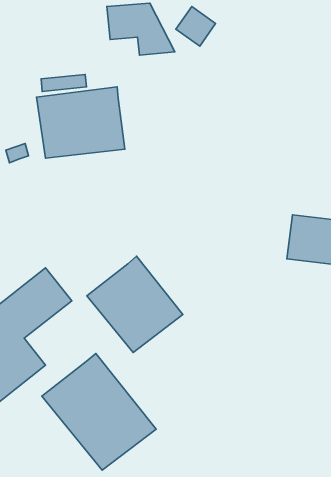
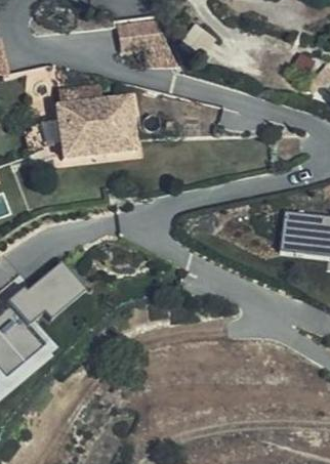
building: [87,256,183,353] -> none
building: [42,353,156,470] -> none

